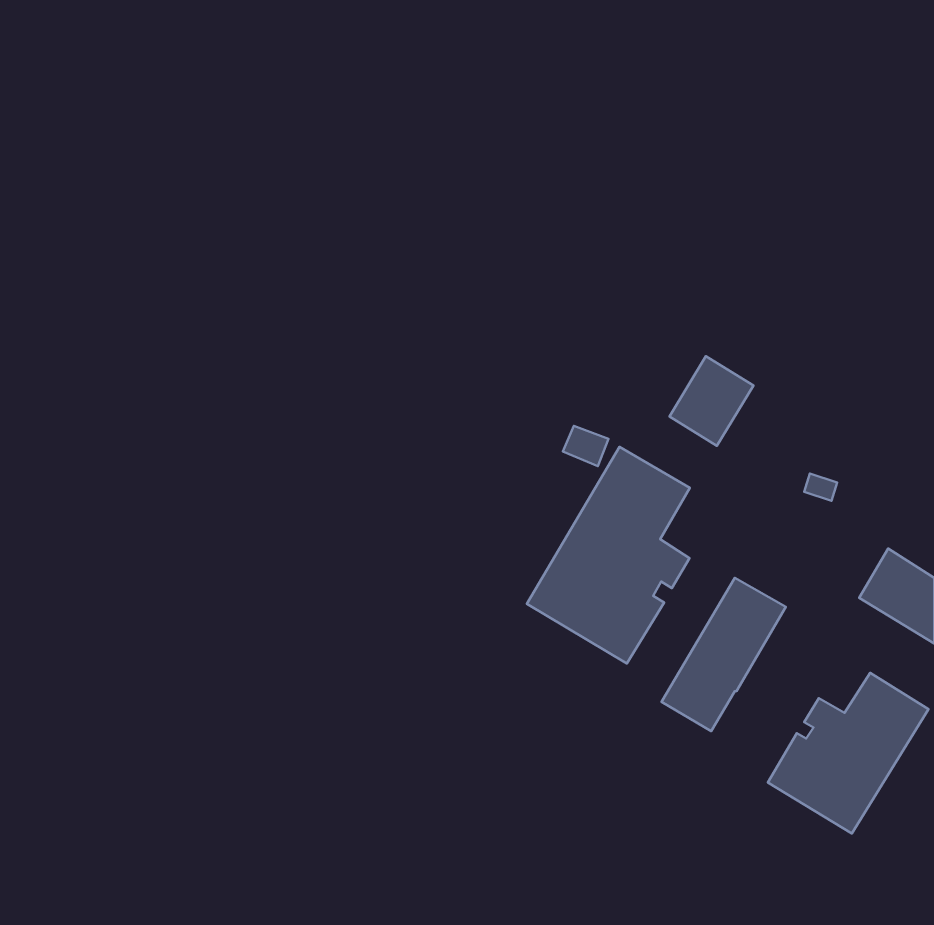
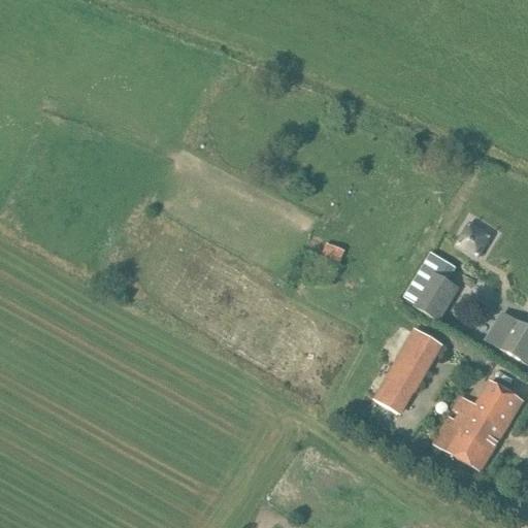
building: [669,356,753,446] -> [412,269,460,320]
building: [527,447,690,664] -> none

